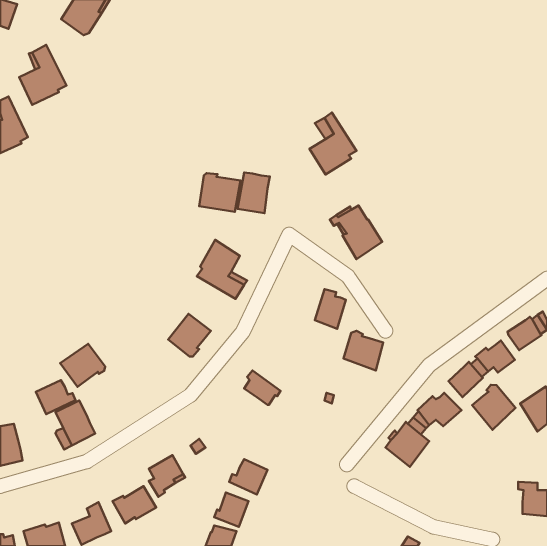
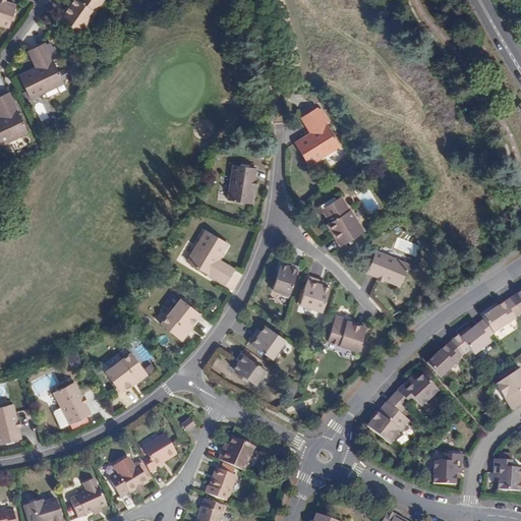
building: [199,173,240,212] -> none
building: none -> [365,248,408,286]
building: none -> [271,262,297,296]
building: none -> [247,325,285,359]
building: [60,344,105,387] -> [104,352,147,393]
building: [36,380,75,414] -> none
building: [472,385,516,430] -> none
building: none -> [431,453,462,484]

